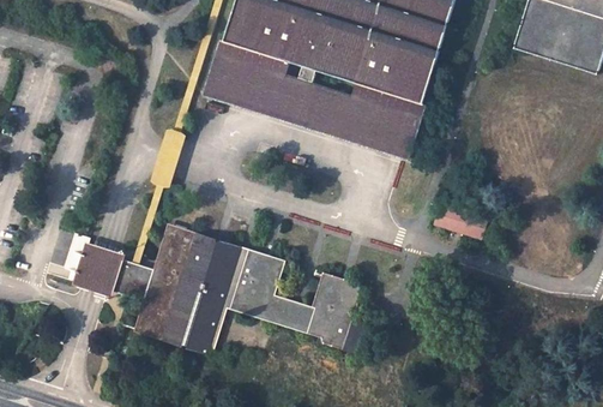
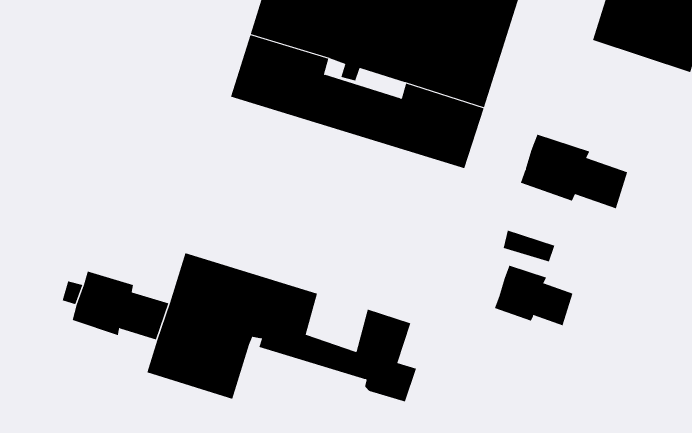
building: none -> [520,134,628,209]
building: none -> [494,265,573,326]

